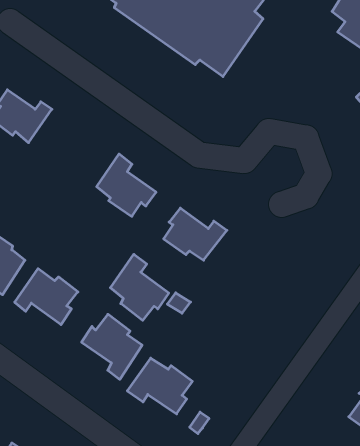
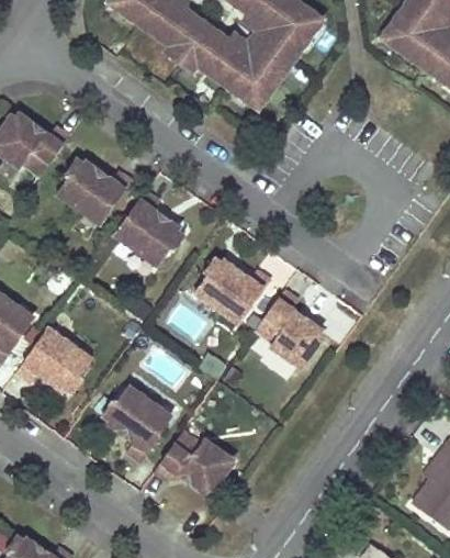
building: none -> [54,159,127,223]
building: none -> [255,289,326,362]
building: [110,254,169,320] -> none

